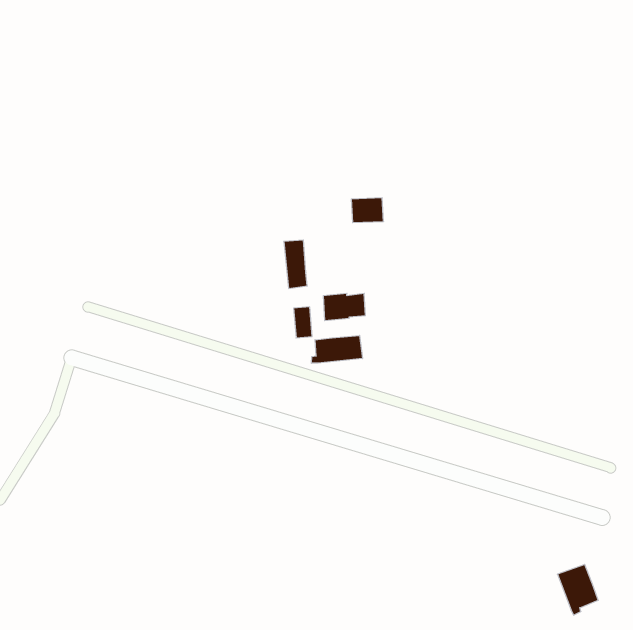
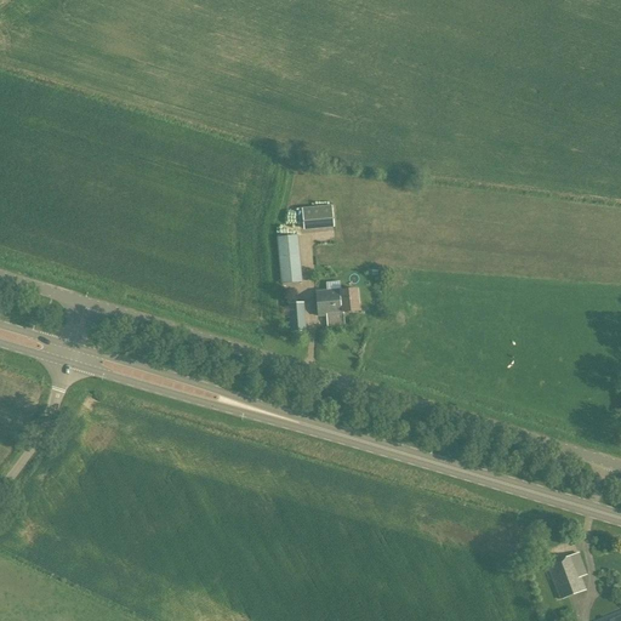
building: [351,198,384,223] -> [303,203,335,227]
building: [311,335,362,363] -> none

